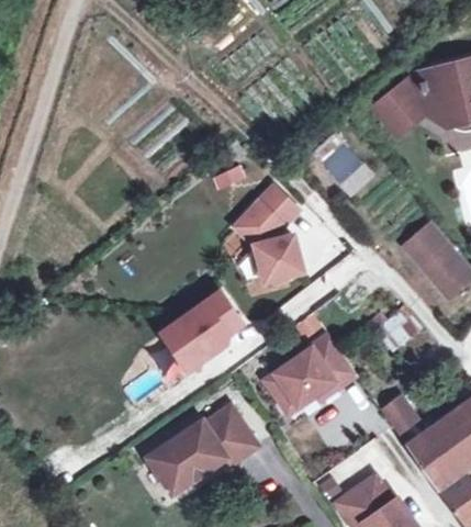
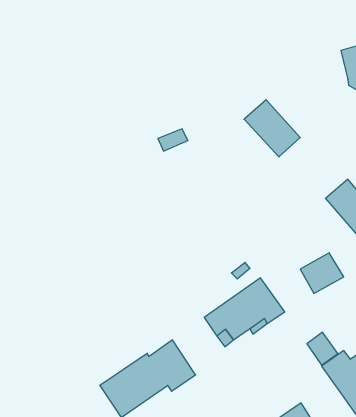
building: [377,77,428,135] -> none
building: [229,181,309,293] -> none
building: [162,294,242,372] -> none

